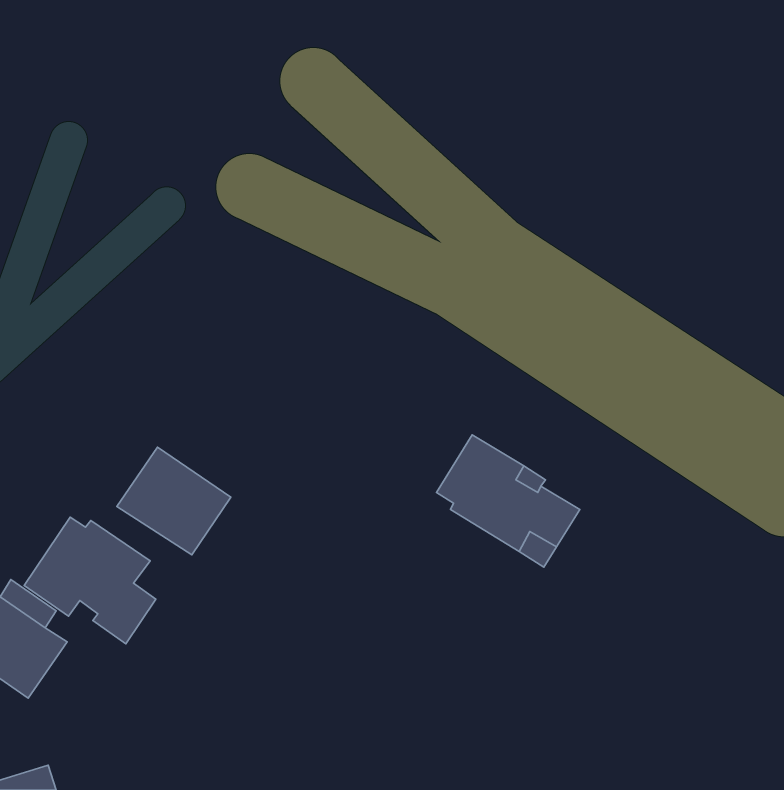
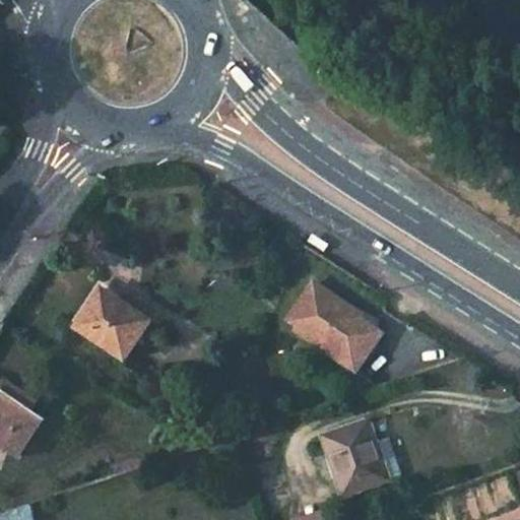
building: [24,517,156,644] -> none
building: none -> [319,419,381,494]

